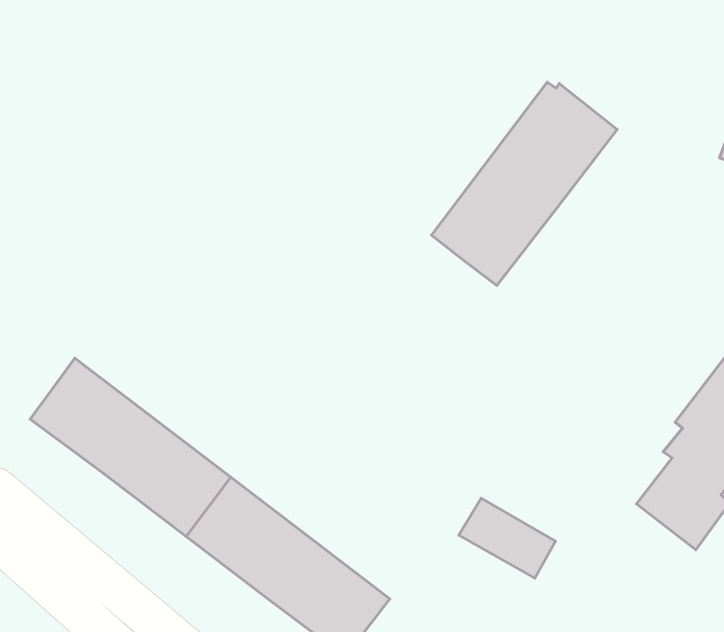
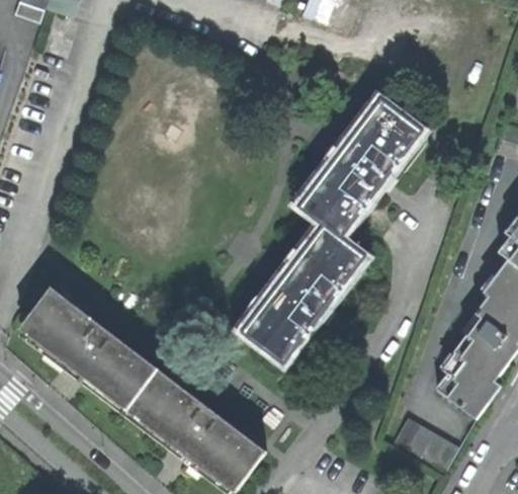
building: none -> [239,223,365,364]
building: [459,498,556,578] -> [393,416,458,471]

